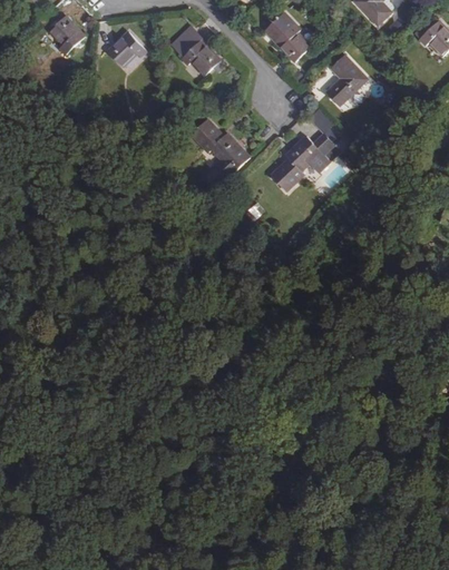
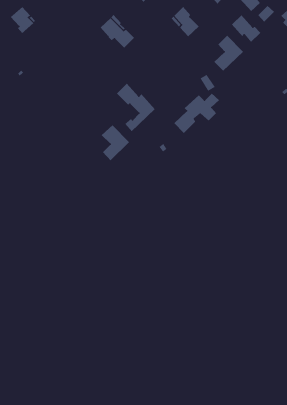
building: none -> [231,15,261,43]
building: [108,33,146,67] -> none
building: none -> [101,124,130,161]

